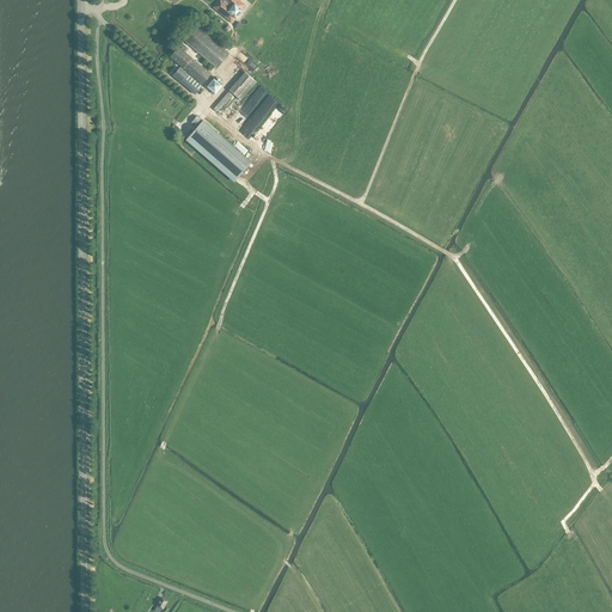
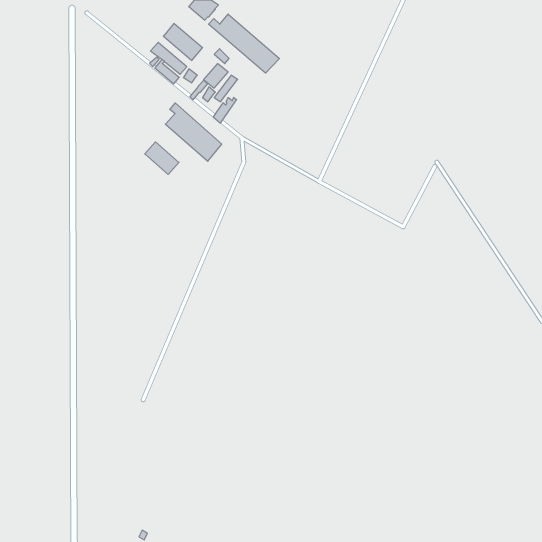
building: none -> [209,14,279,73]
building: none -> [145,142,179,174]

